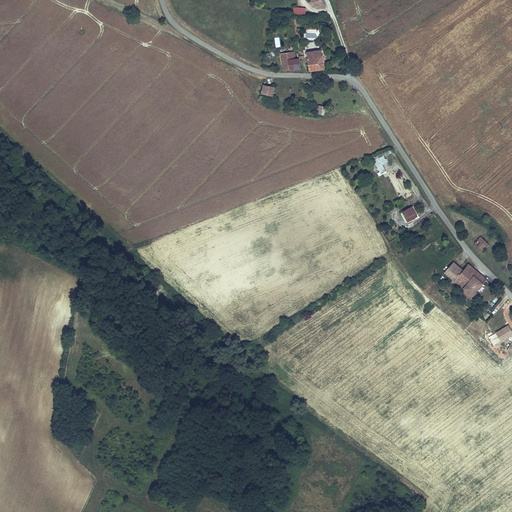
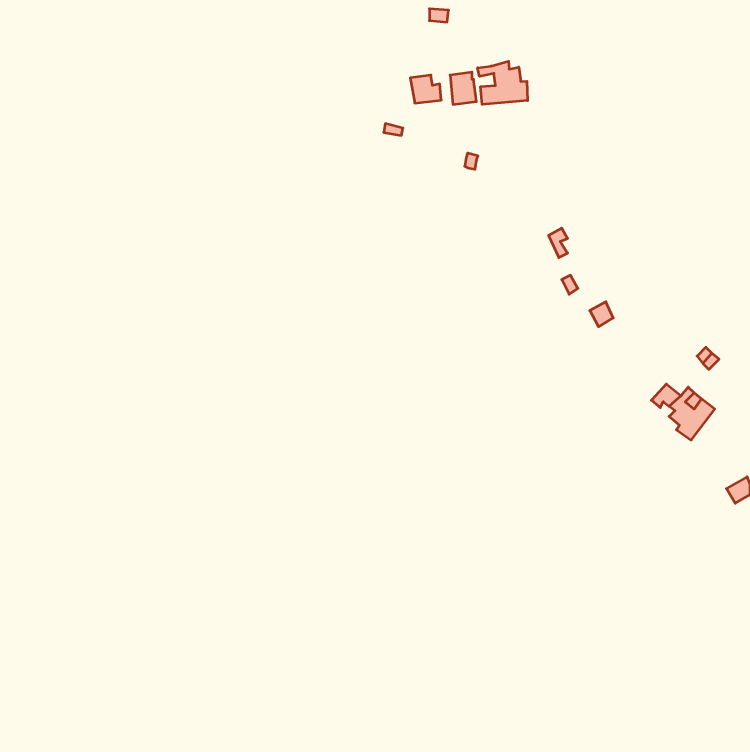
building: none -> [478,61,528,104]

